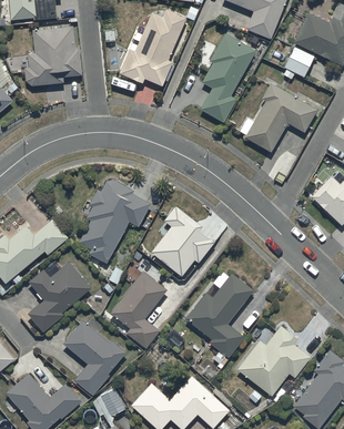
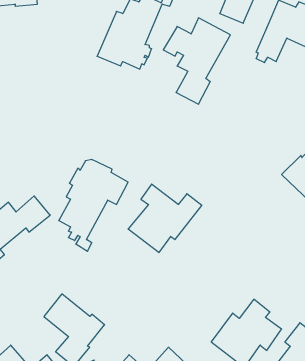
building: [26,27,83,88] -> none
building: [240,83,317,153] -> none
building: [28,263,92,334] -> none
building: [111,272,168,349] -> none
building: [185,272,254,365] -> none

